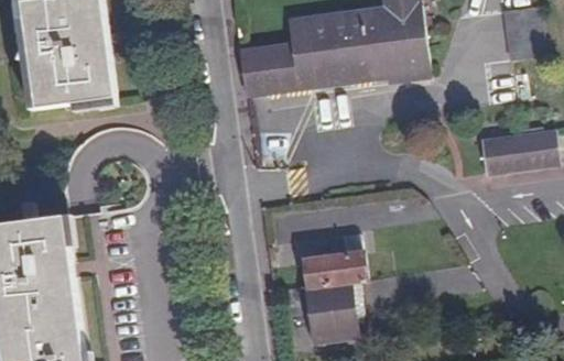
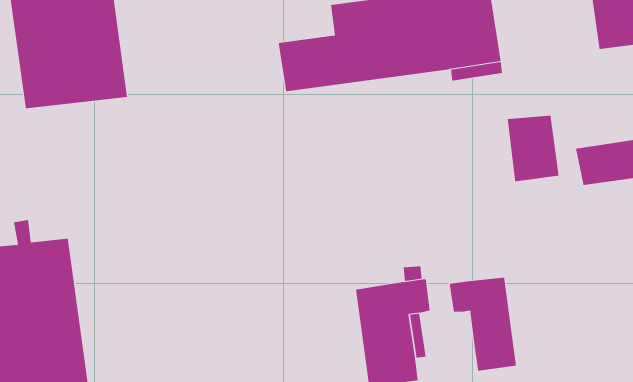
building: none -> [507,115,559,182]
building: none -> [449,277,517,372]

